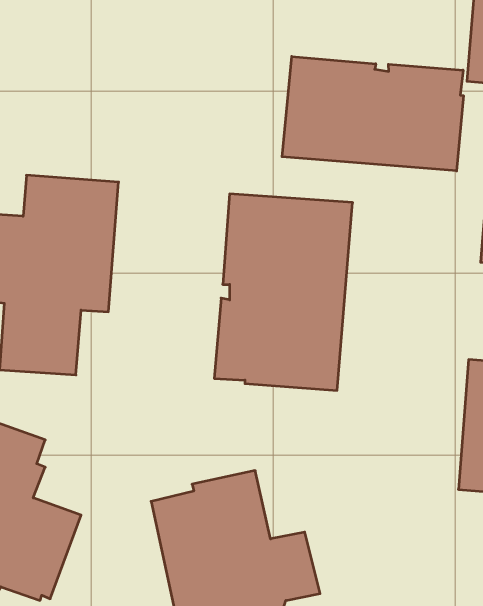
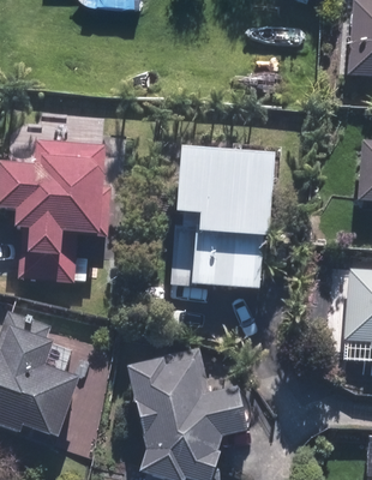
building: [282,56,463,171] -> none

